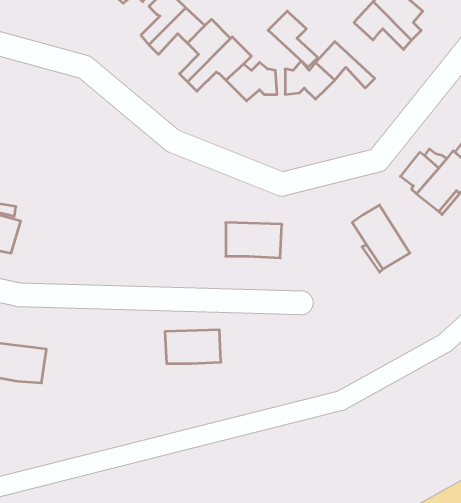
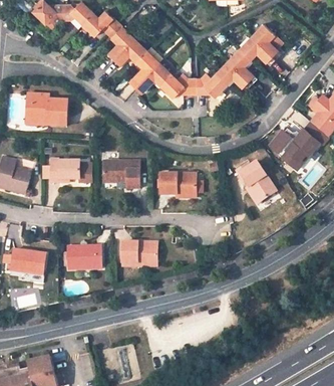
building: [268,11,318,67] -> [228,48,259,83]
building: none -> [28,93,67,126]
building: none -> [102,160,138,188]
building: none -> [50,161,79,182]
building: none -> [66,247,100,268]

